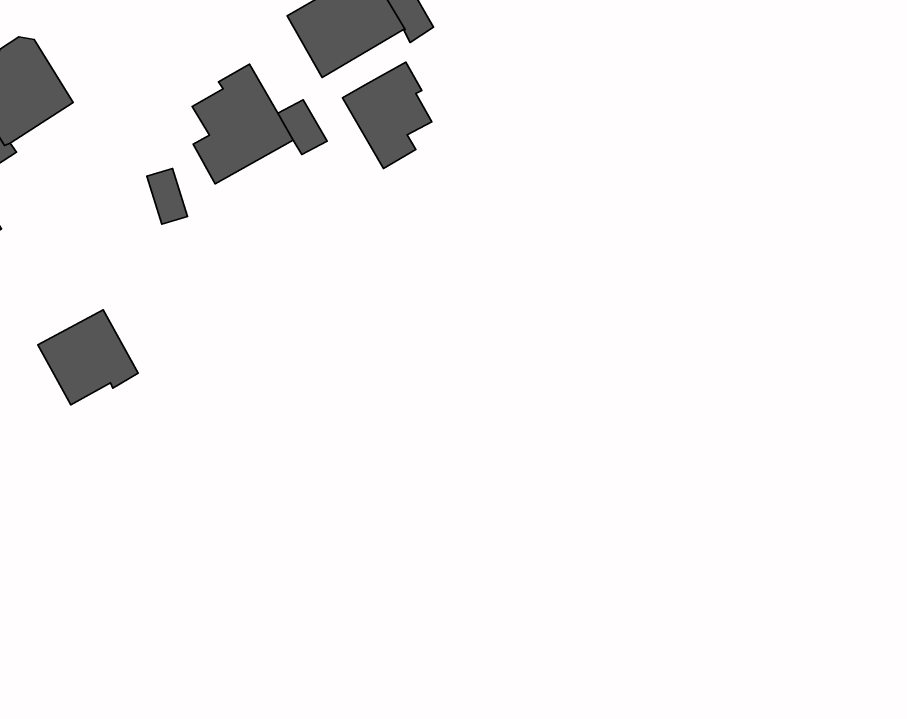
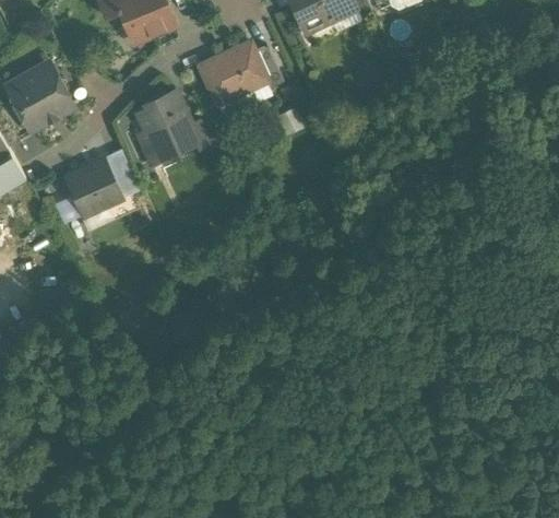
building: [343,62,432,169] -> none
building: [38,310,138,405] -> [64,158,121,212]

